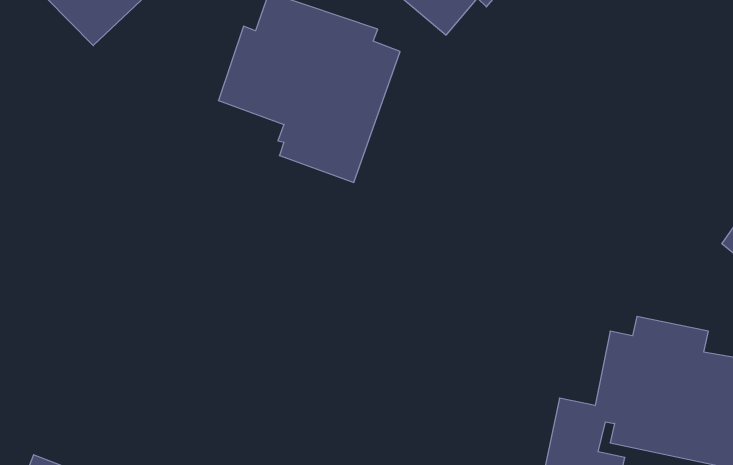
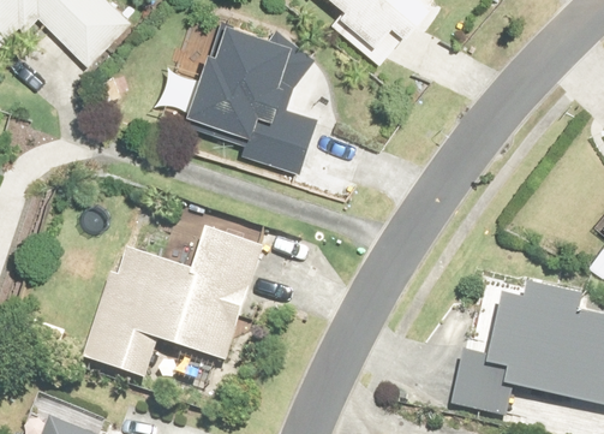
building: none -> [83,230,261,377]

